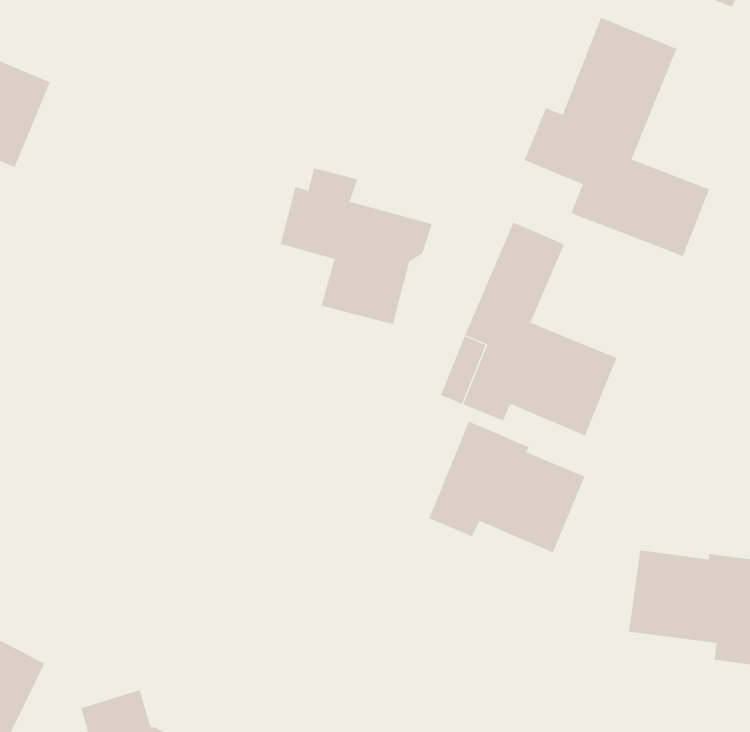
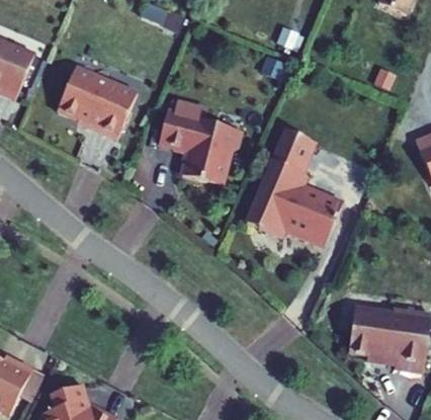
building: [524,17,710,257] -> none
building: none -> [57,67,137,140]
building: [428,421,585,553] -> none

